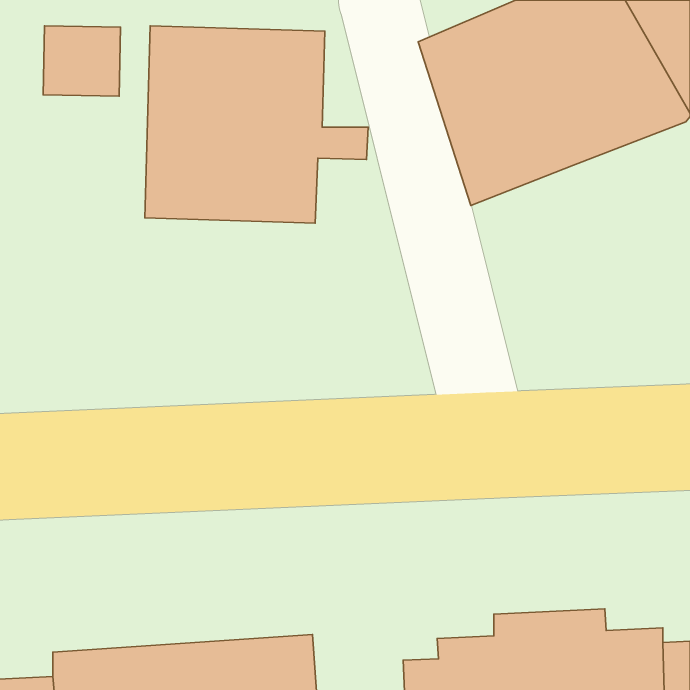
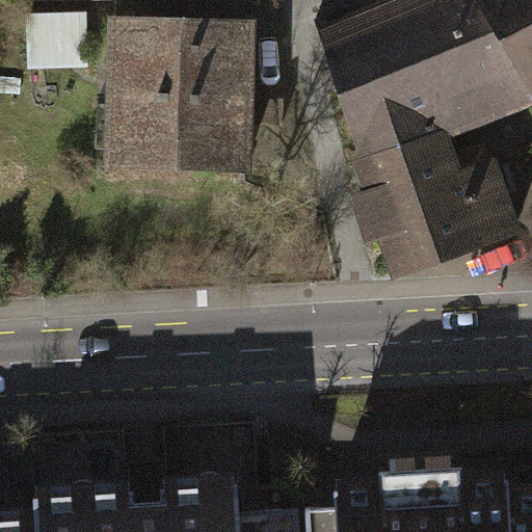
building: none -> [362,128,517,275]

